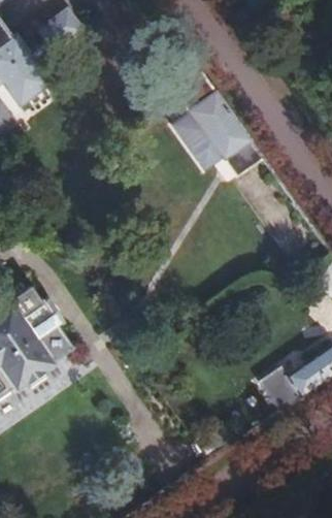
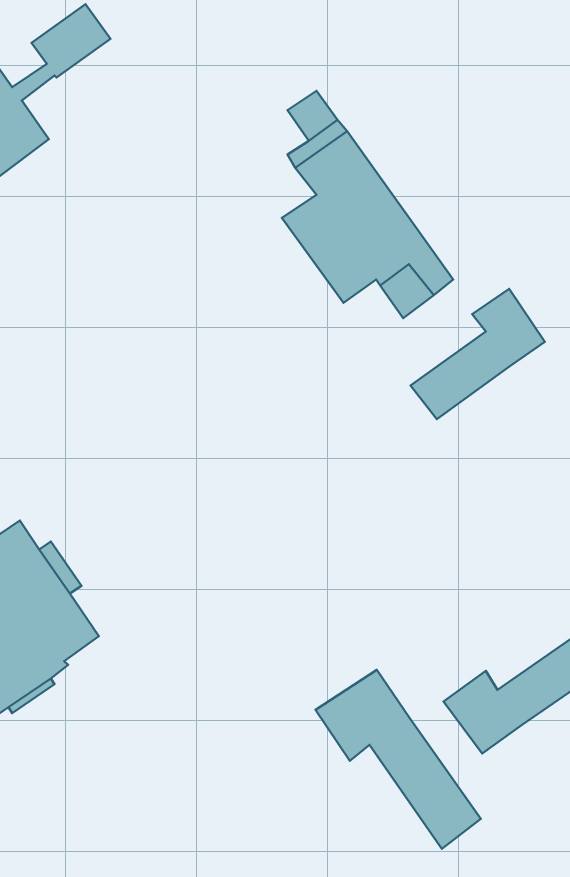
building: none -> [411,289,545,419]
building: none -> [316,670,481,849]

